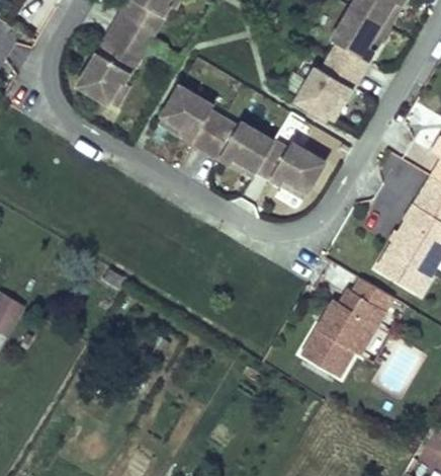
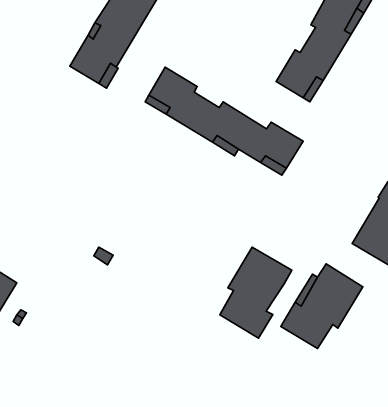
building: none -> [220,247,292,338]

